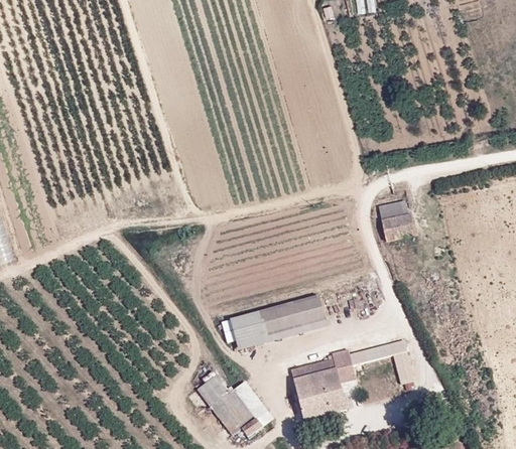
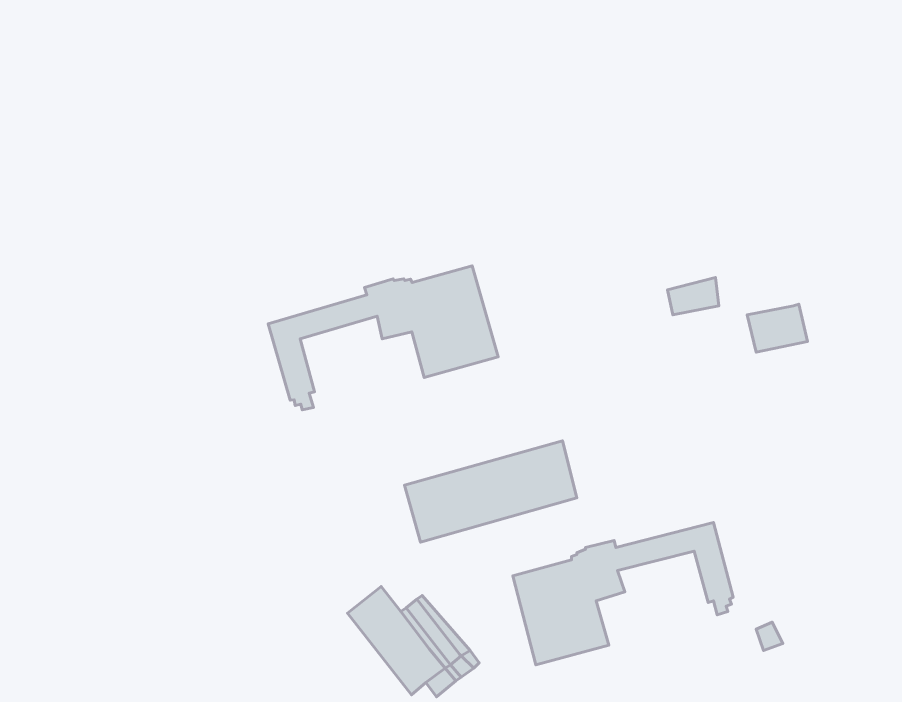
building: none -> [268,266,498,410]
building: [382,214,416,242] -> [747,304,808,352]

